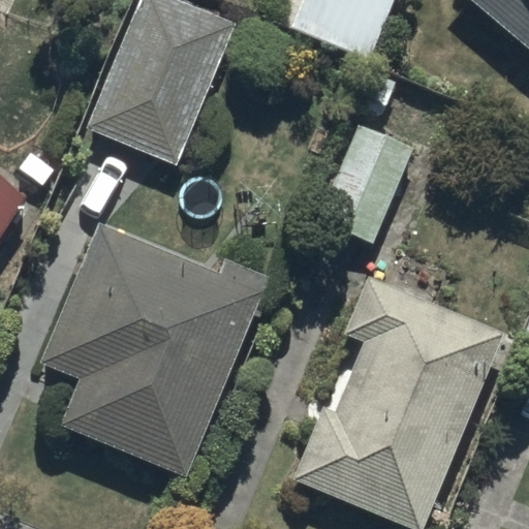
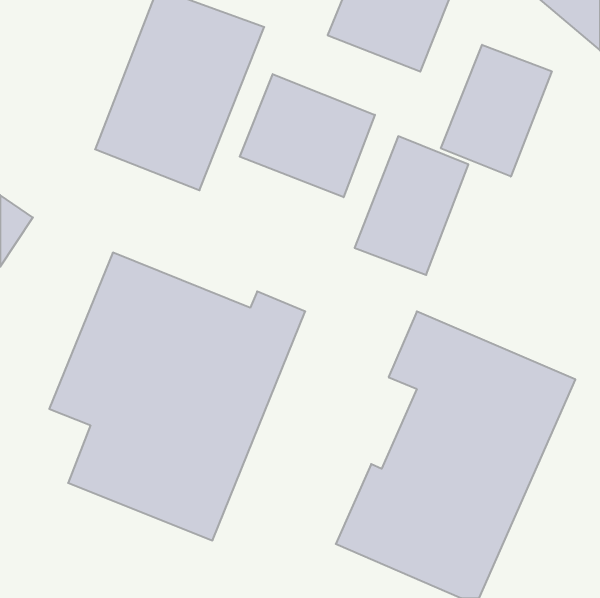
building: none -> [441,45,552,177]
building: none -> [240,74,375,197]

